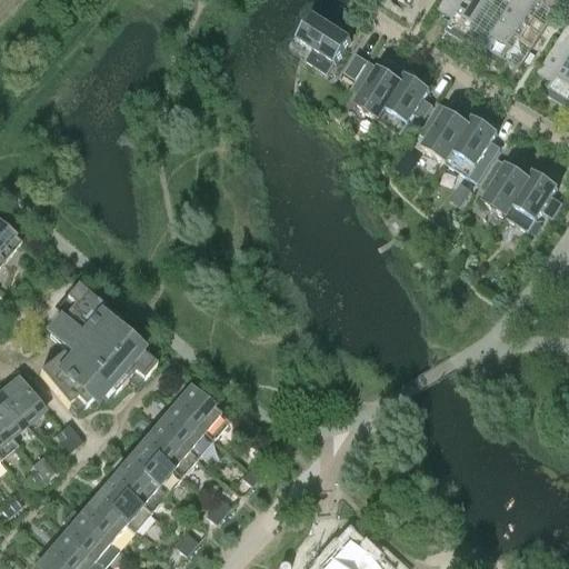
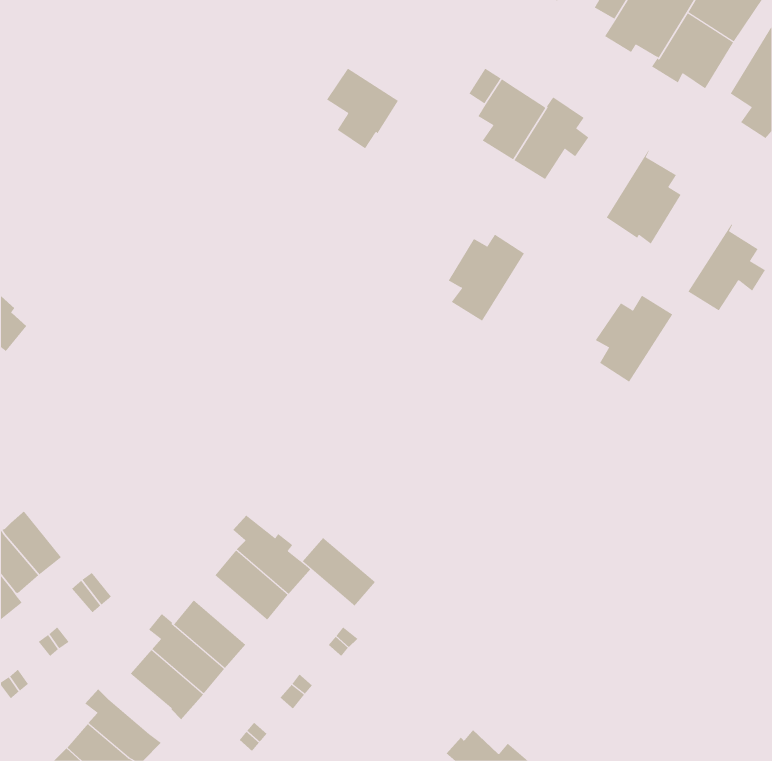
building: [298,12,351,72] -> [326,68,399,149]
building: [420,96,477,160] -> [448,234,525,321]
building: [480,150,538,214] -> [595,295,673,382]
building: [39,282,156,403] -> none
building: [142,423,197,475] -> [302,537,376,606]
building: [80,496,126,540] -> none

